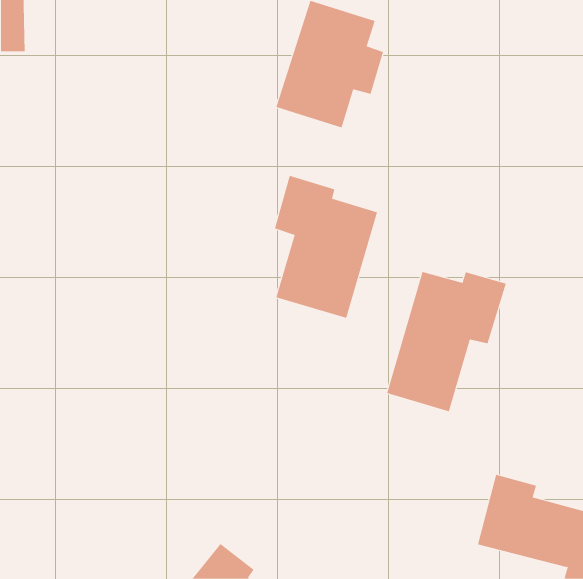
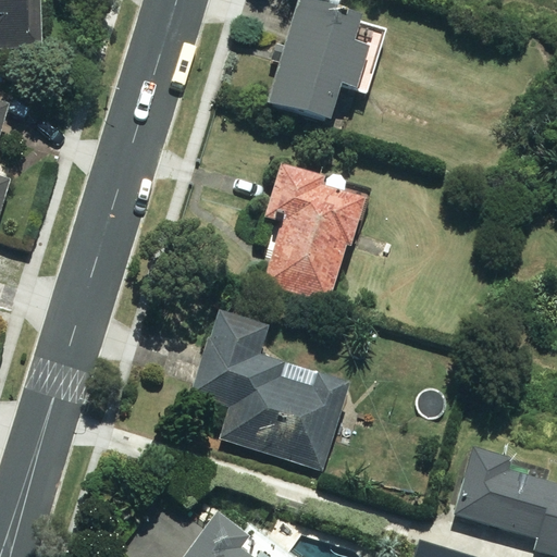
building: [386,271,506,412] -> none
building: none -> [191,312,350,468]

